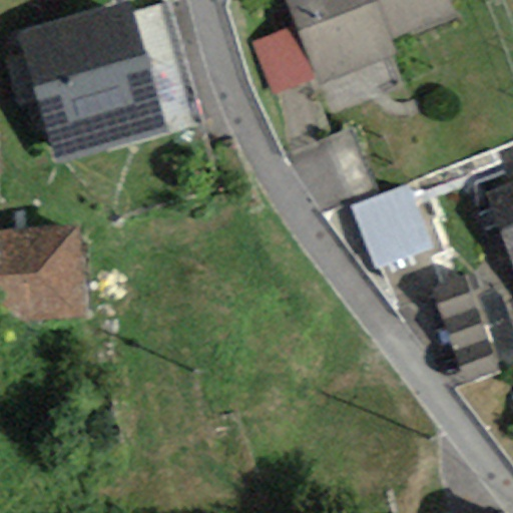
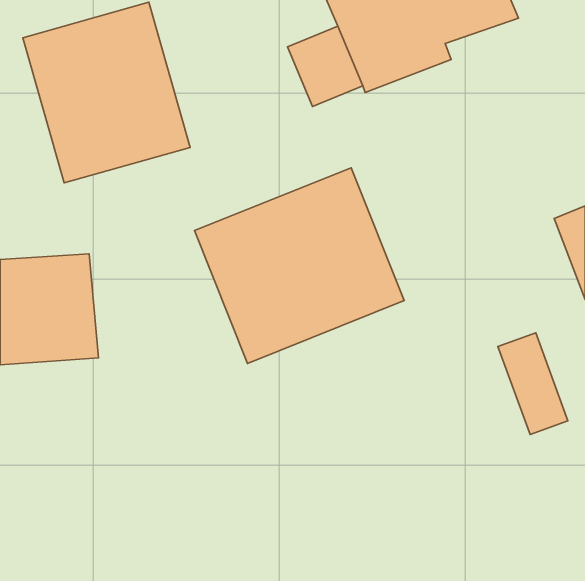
building: none -> [194,168,404,363]
building: [350,183,434,269] -> none

